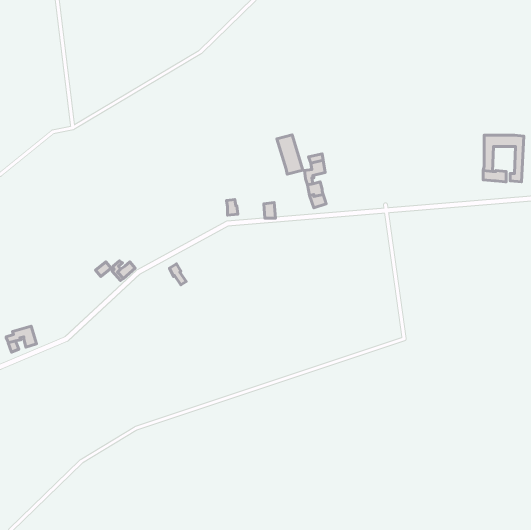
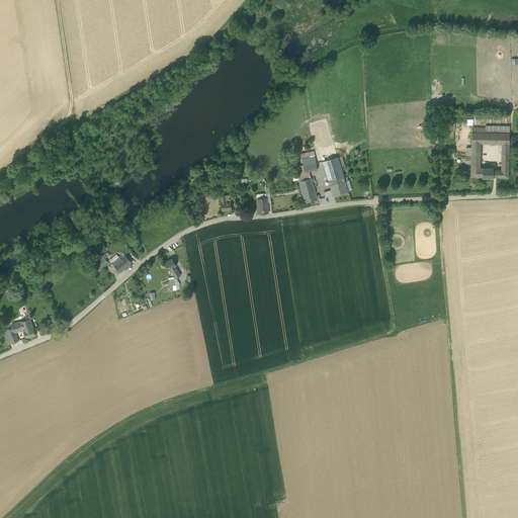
building: [277,135,303,174] -> [323,156,348,194]

